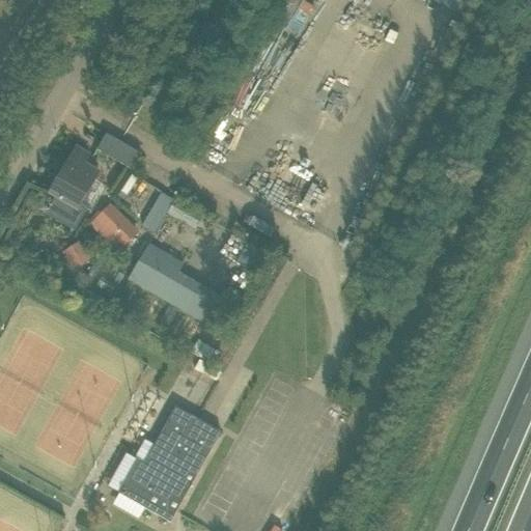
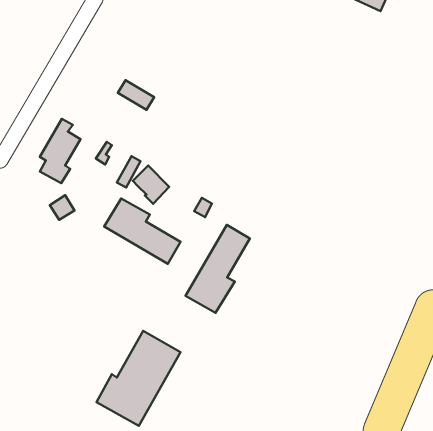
building: [96,132,141,168] -> [118,80,154,110]
building: [91,204,136,251] -> [133,166,169,204]
building: none -> [186,225,250,313]

